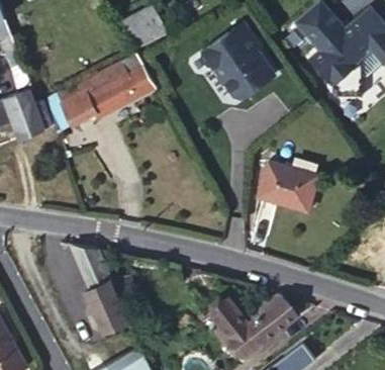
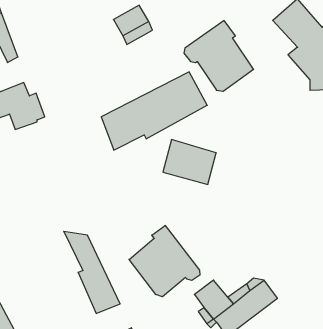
building: [42,53,155,135] -> [101,72,207,150]
building: [260,162,316,209] -> [163,140,216,184]
building: none -> [129,225,200,297]

